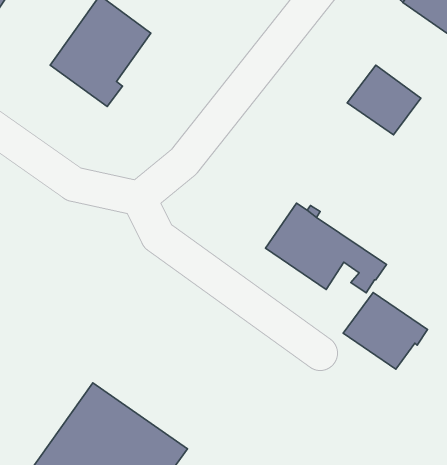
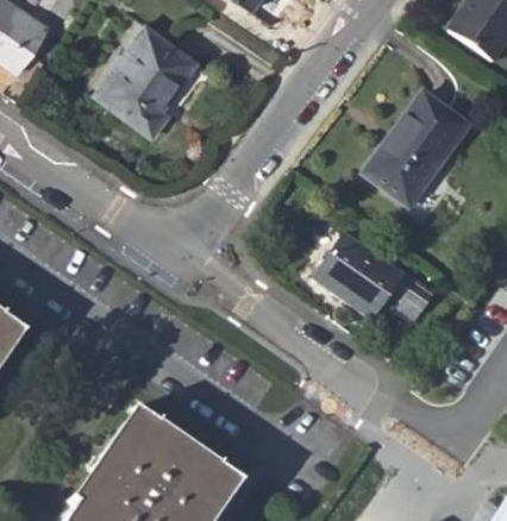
building: none -> [363,132,440,207]
building: [343,293,427,369] -> none

